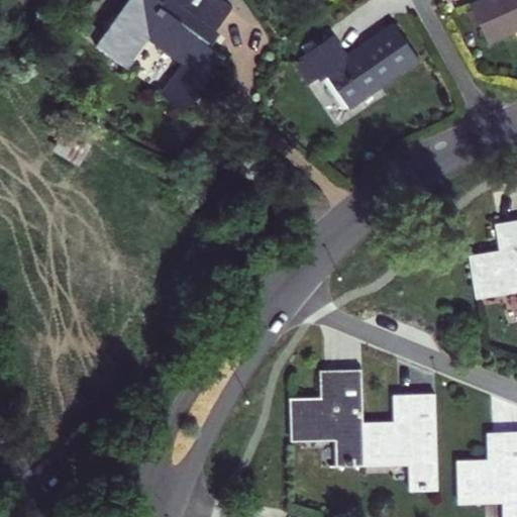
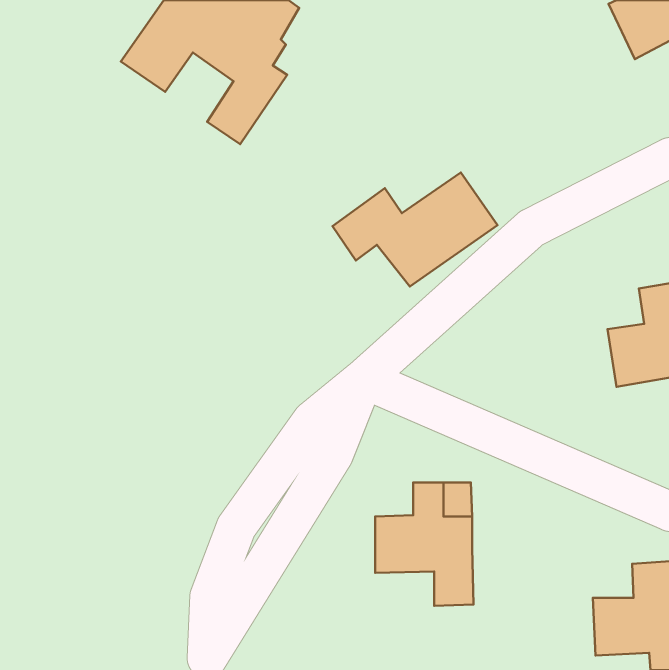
building: [293,22,420,110] -> [332,173,498,287]
building: [365,392,436,492] -> none

